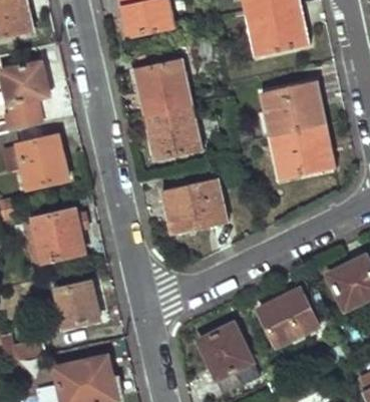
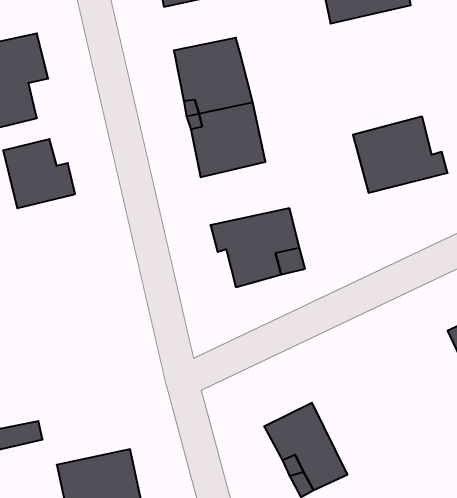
building: [255,76,316,133] -> none
building: [31,207,83,261] -> none
building: [54,281,97,325] -> none
building: [262,289,321,345] -> none

